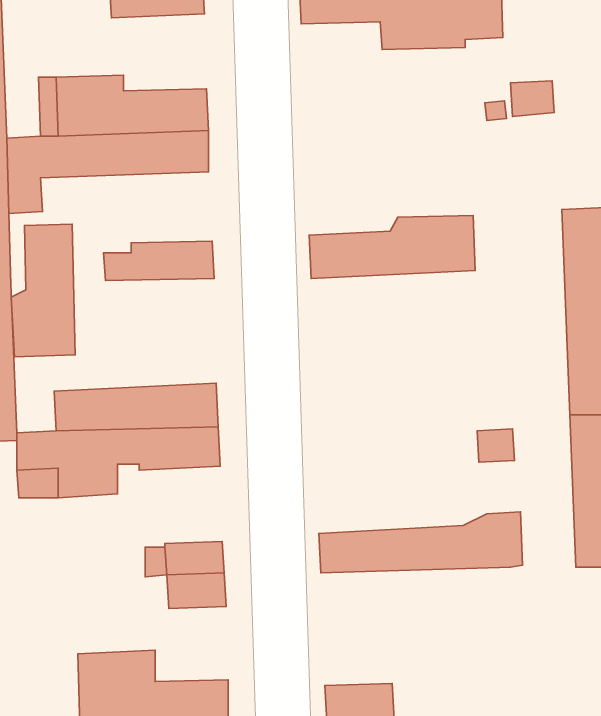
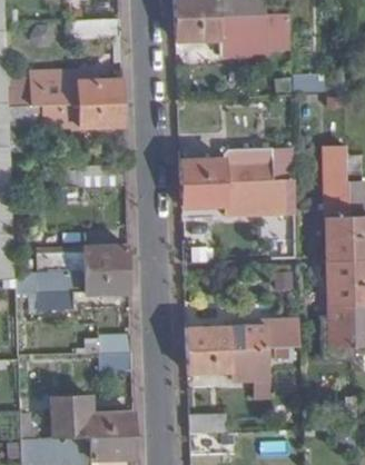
building: [11,224,75,357] -> none
building: none -> [181,181,288,208]
building: none -> [187,348,295,385]

